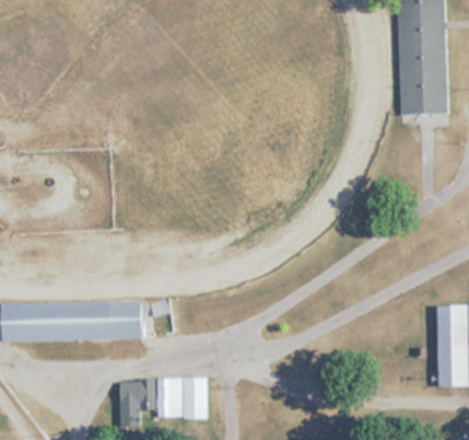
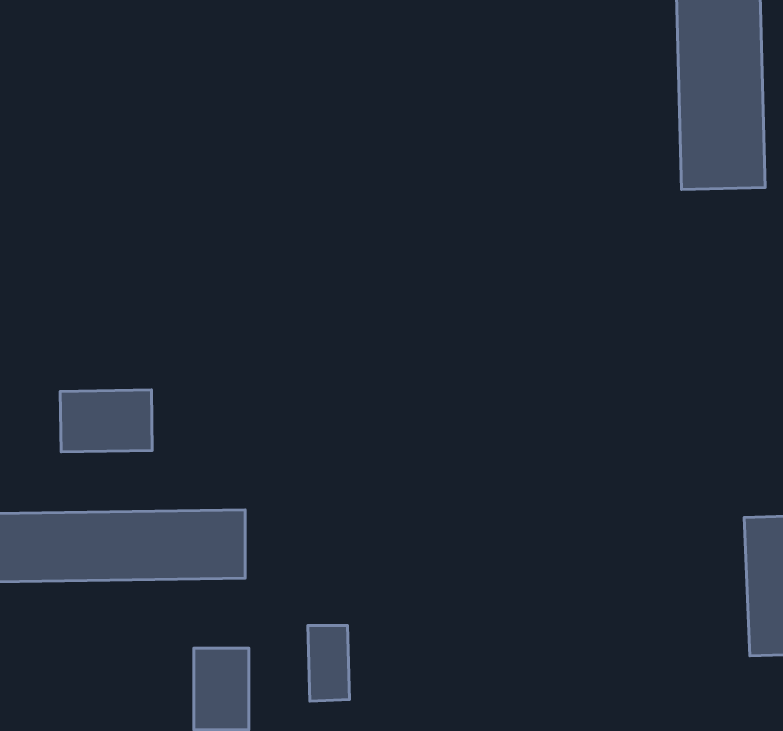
building: none -> [60,390,152,452]
building: [156,379,180,420] -> none

